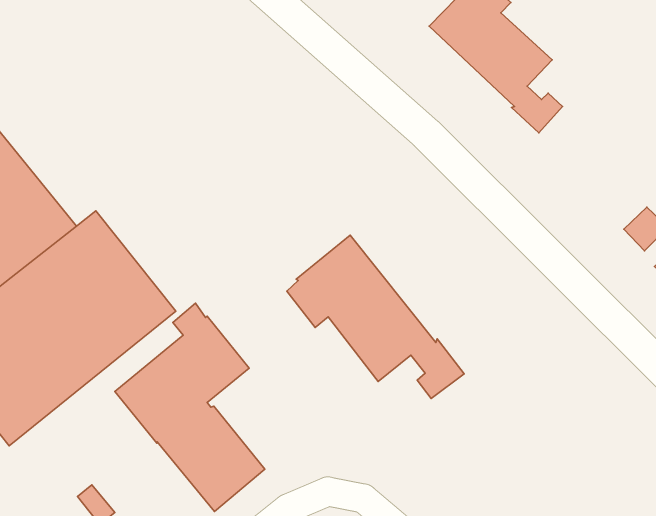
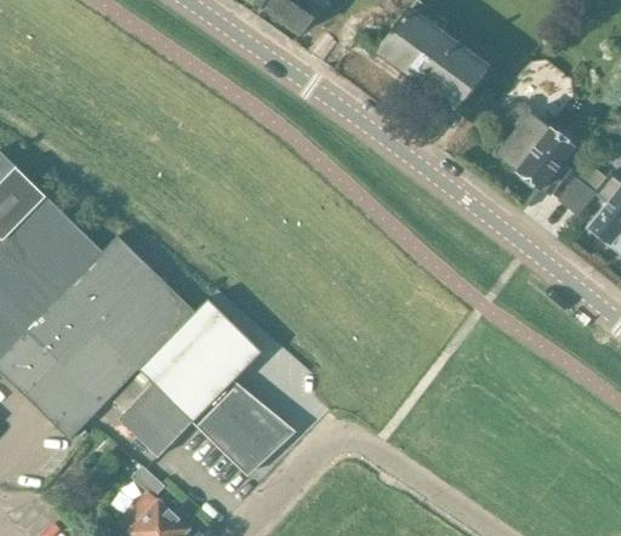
building: none -> [496,104,574,194]
building: [287,235,464,398] -> none
building: none -> [118,384,192,458]

